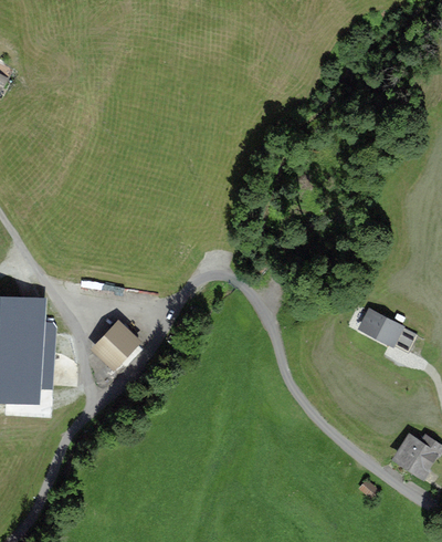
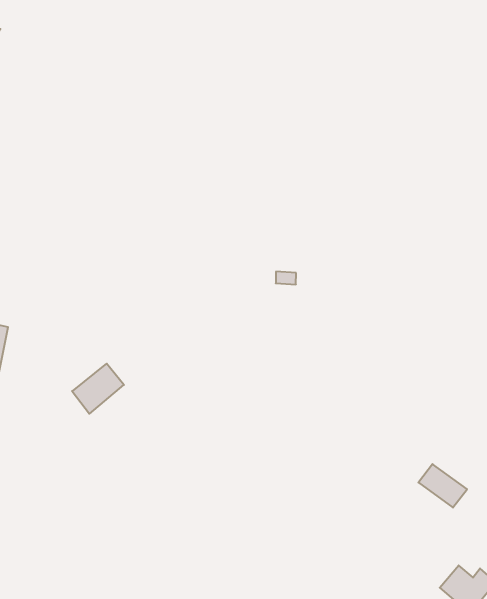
building: [364,315,401,346] -> [418,464,467,508]

